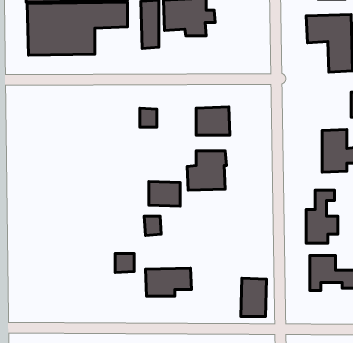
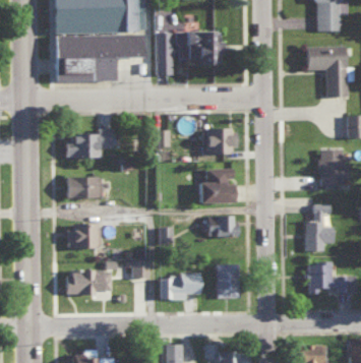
building: none -> [67,129,114,159]
building: none -> [66,177,103,198]
building: [149,182,180,206] -> [208,216,237,238]
building: none -> [69,224,99,249]
building: none -> [67,270,112,295]
building: [241,278,267,316] -> [218,264,241,299]

